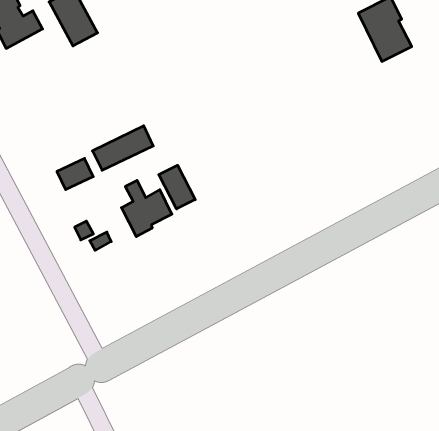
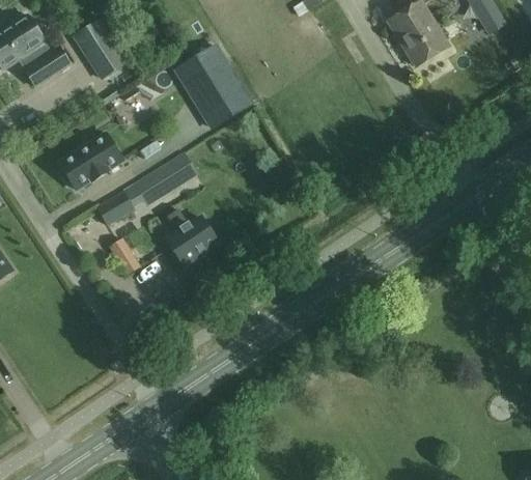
building: none -> [177,46,252,128]
building: none -> [59,133,123,190]
building: [159,165,195,209] -> none

